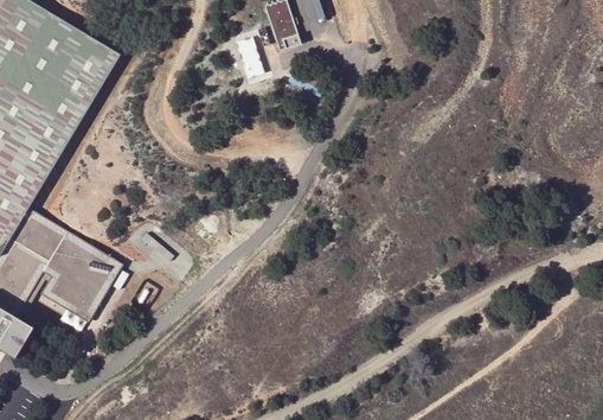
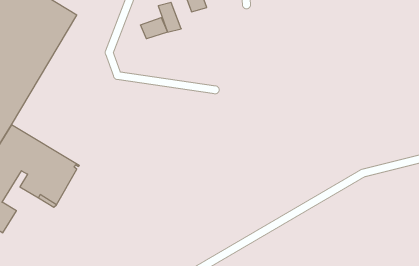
building: none -> [141,18,168,39]

